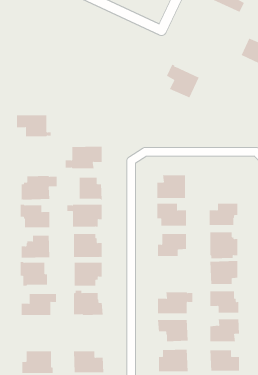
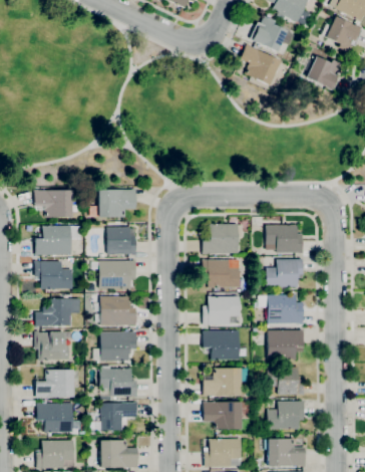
building: none -> [251,16,287,52]
building: [166,64,200,98] -> [240,43,281,85]
building: [16,115,51,137] -> [34,190,77,217]
building: none -> [266,224,303,252]
building: none -> [204,330,240,360]
building: none -> [37,403,80,432]
building: none -> [101,403,137,430]

